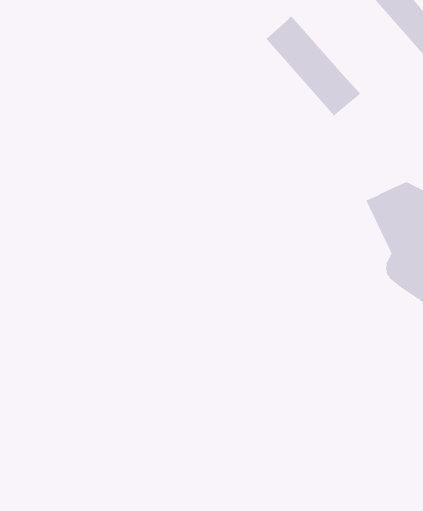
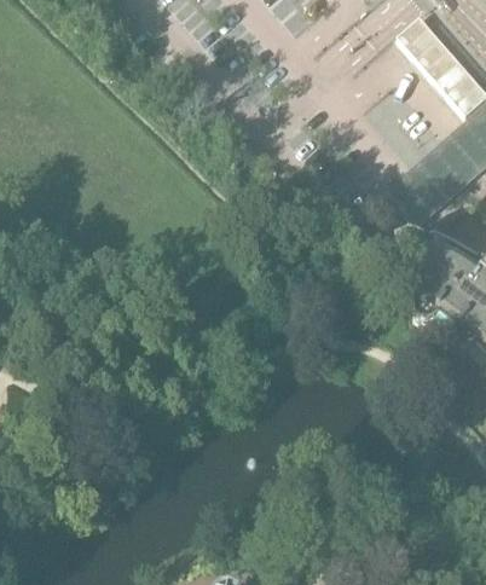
building: [265,15,361,117] -> none

